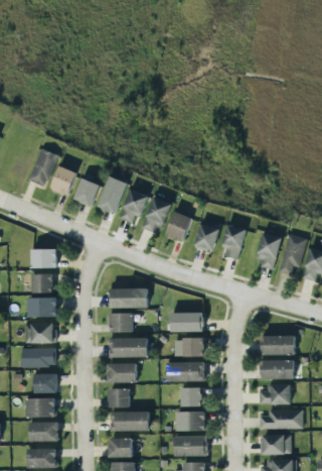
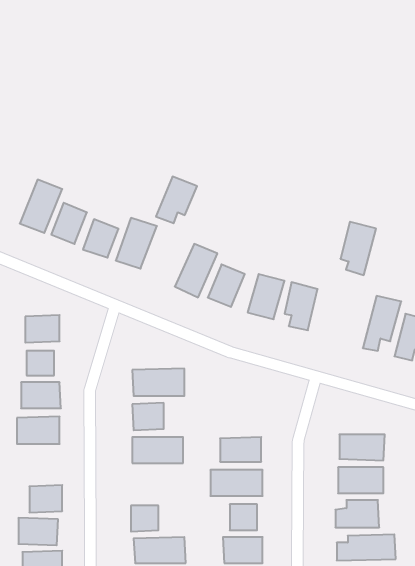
building: [119,189,149,223] -> [156,177,197,223]
building: [256,231,282,270] -> [340,222,376,275]
building: [171,312,204,332] -> none
building: [21,348,56,367] -> none
building: [107,363,136,382] -> none

